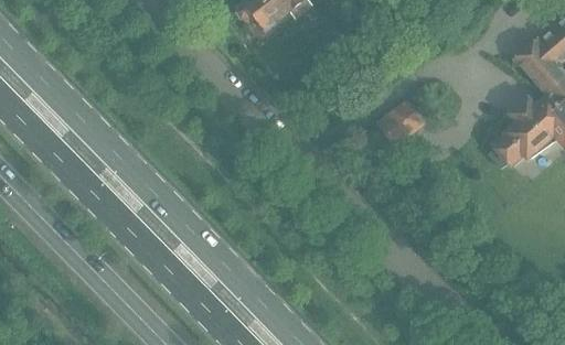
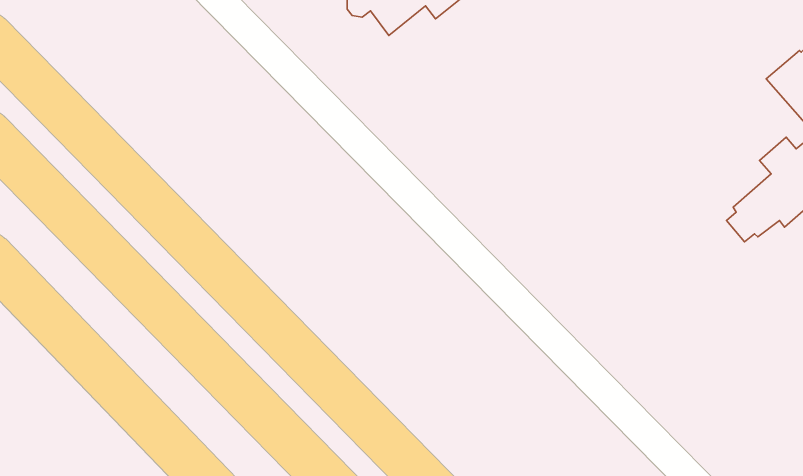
building: [372,100,422,149] -> none

